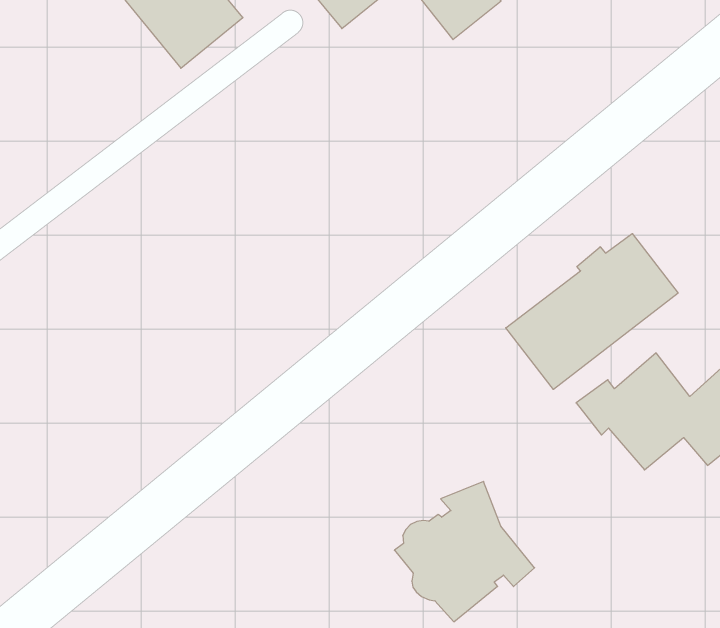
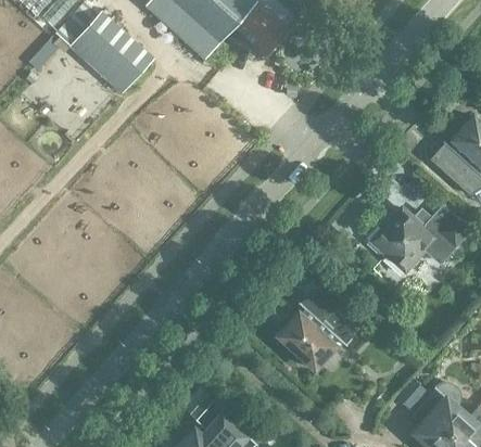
building: [506,234,678,389] -> none

